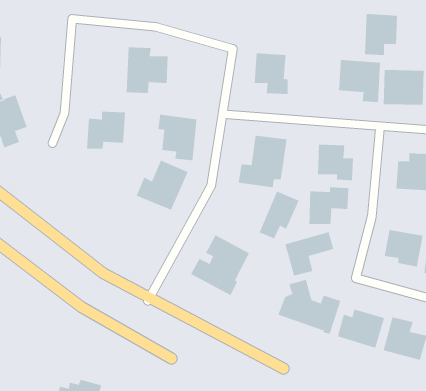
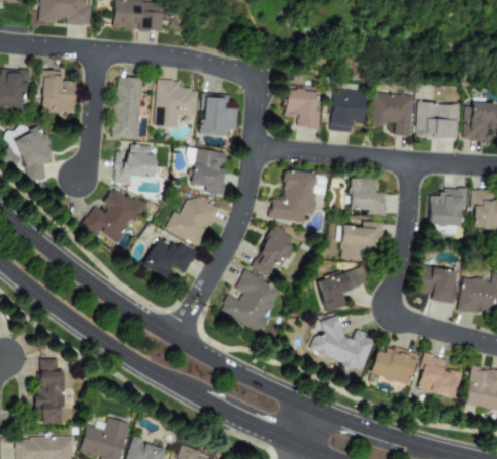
building: [364,14,398,55] -> [331,90,366,132]
building: none -> [40,71,77,113]
building: none -> [113,77,141,140]
building: none -> [199,94,237,136]
building: none -> [81,187,144,245]
building: [259,191,299,239] -> [254,226,295,275]
building: none -> [142,238,197,280]
building: none -> [34,359,65,424]

